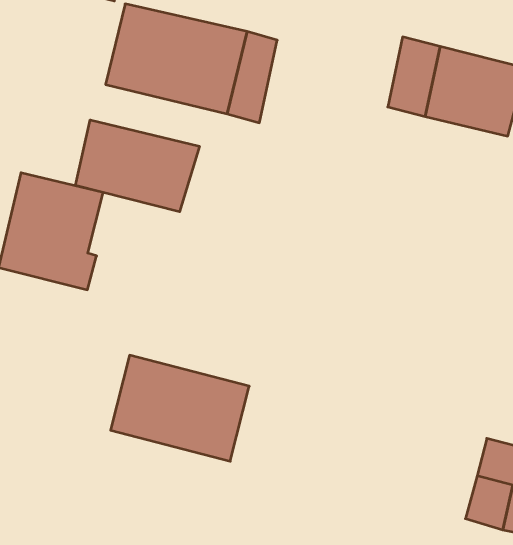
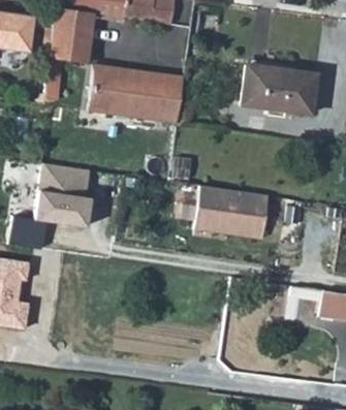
building: [76,120,199,212] -> none
building: [111,355,249,461] -> [193,186,269,240]

